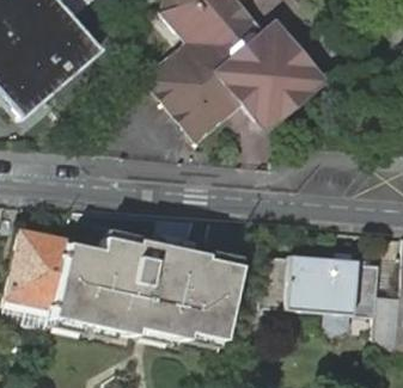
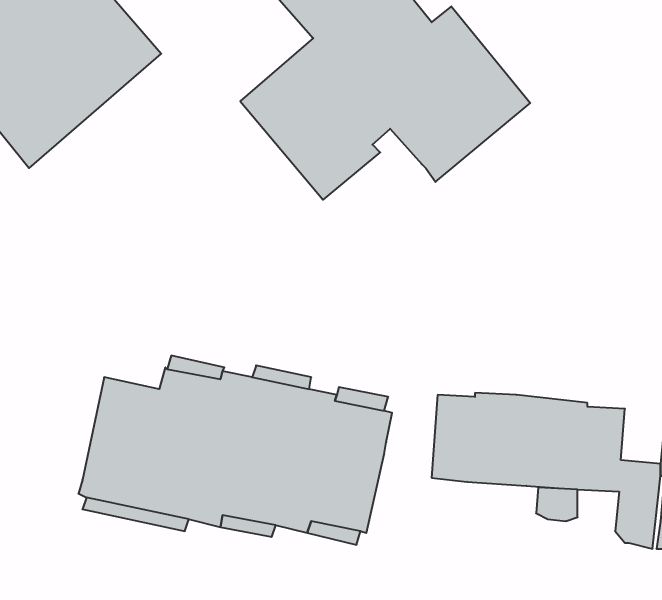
building: [6,233,65,308] -> none

